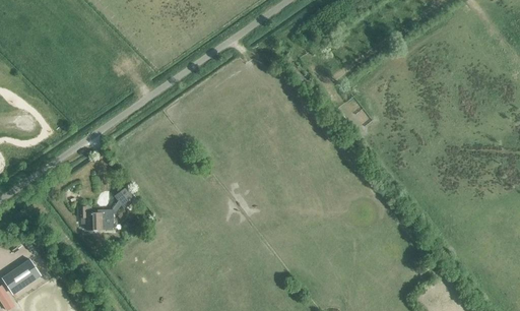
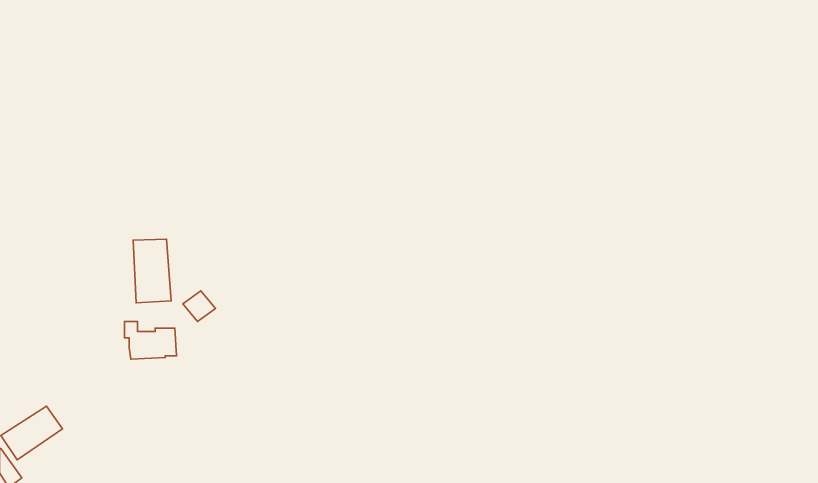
building: none -> [133,239,171,303]

